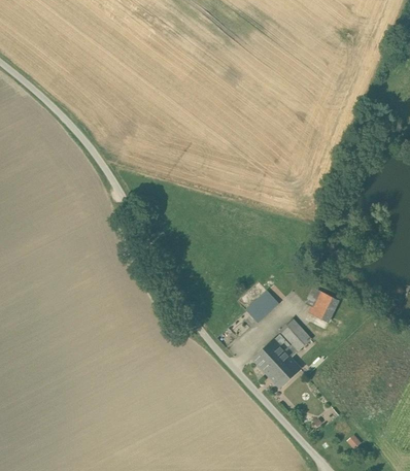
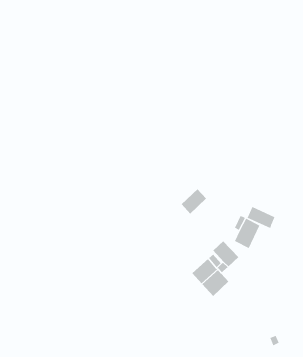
building: none -> [247,206,275,229]
building: [245,291,277,323] -> [181,188,207,214]

